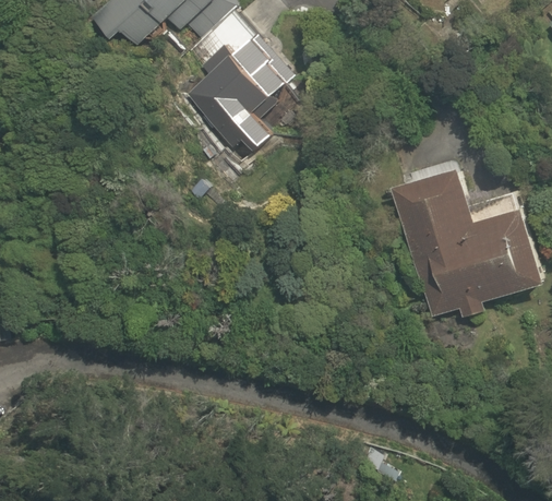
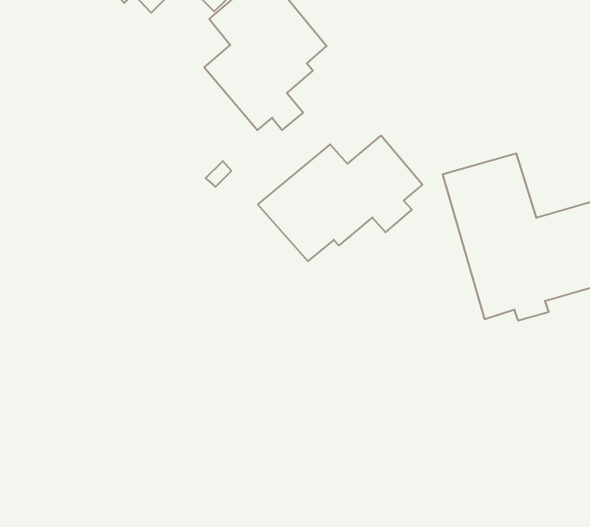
building: none -> [258,136,422,261]

